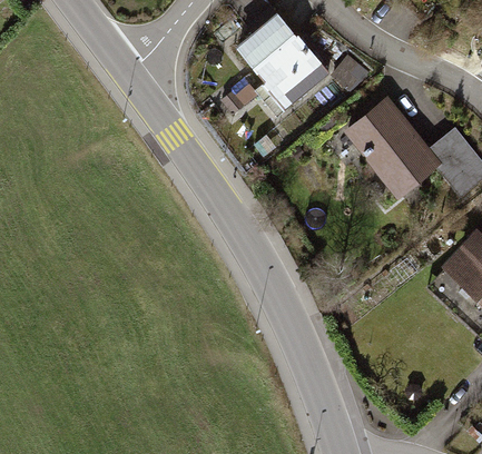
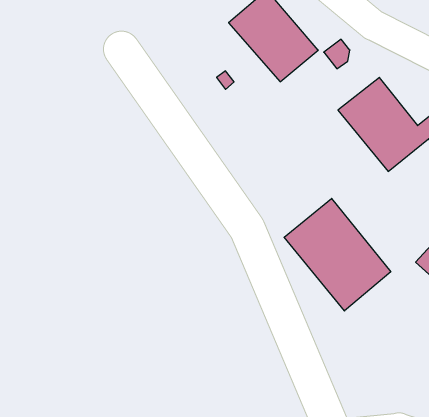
building: none -> [284,198,391,311]

